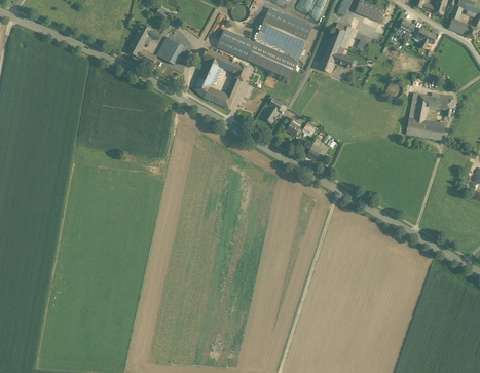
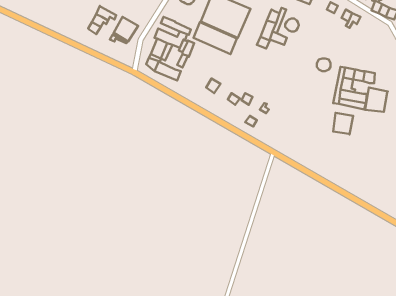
building: none -> [365,88,388,112]
building: none -> [333,113,353,135]

